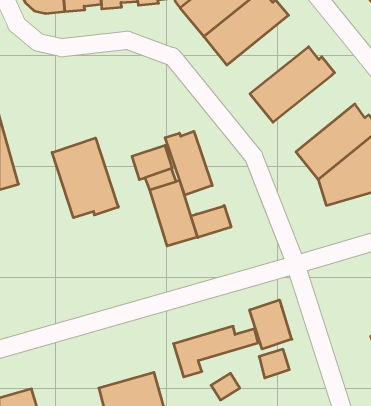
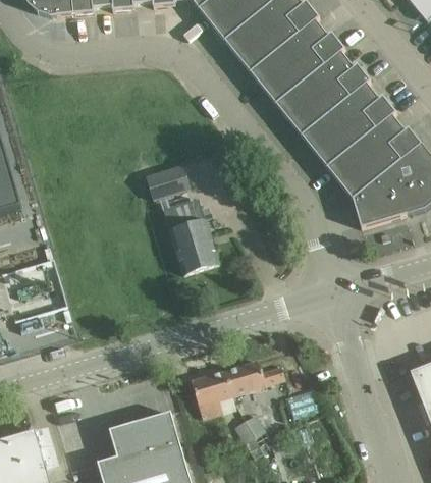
building: none -> [252,20,345,104]
building: none -> [303,84,396,168]
building: [165,131,212,195] -> none
building: [52,138,118,218] -> none
building: [191,205,231,238] -> none
building: [250,300,292,349] -> none

